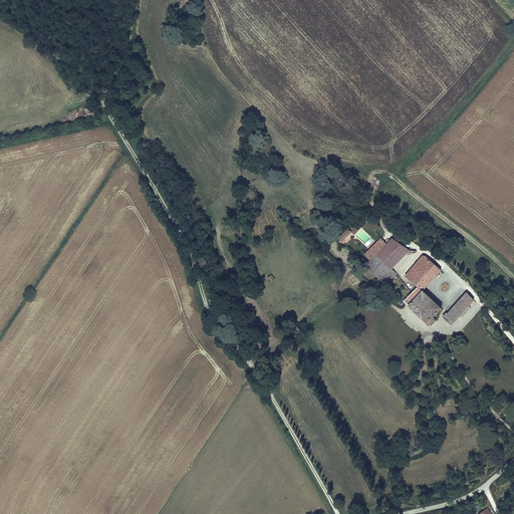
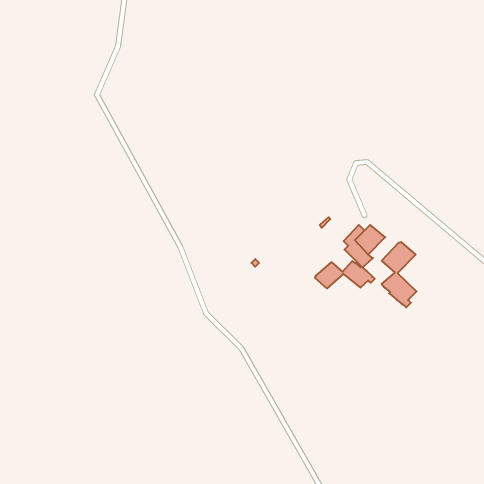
building: none -> [315,261,375,288]
building: [441,291,473,324] -> none

